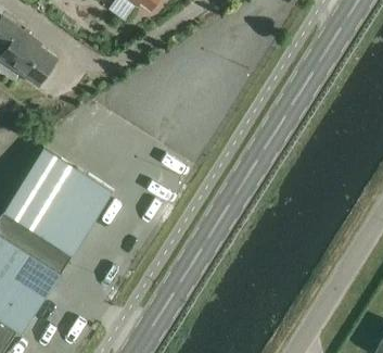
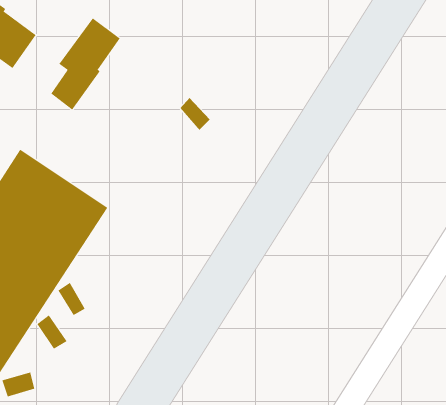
building: none -> [51,18,121,110]

